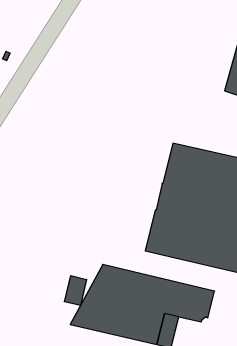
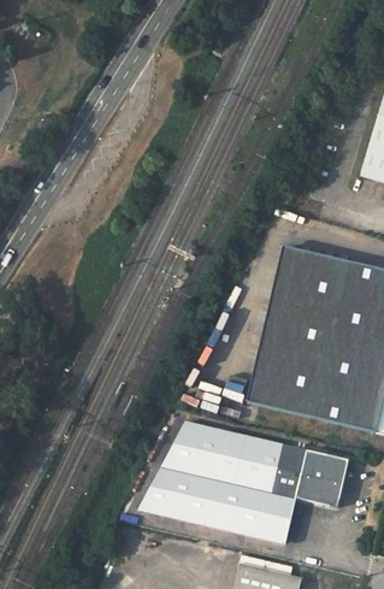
building: [65,276,87,306] -> none

